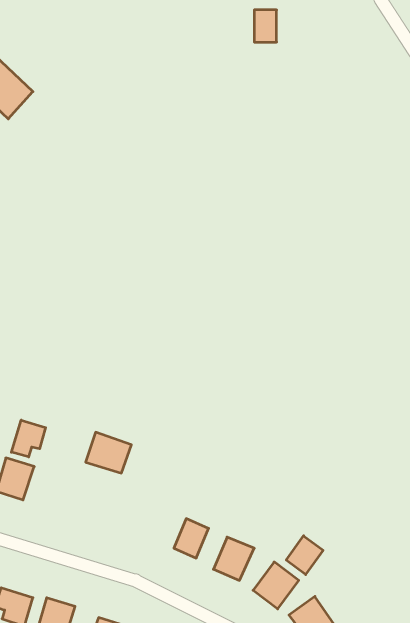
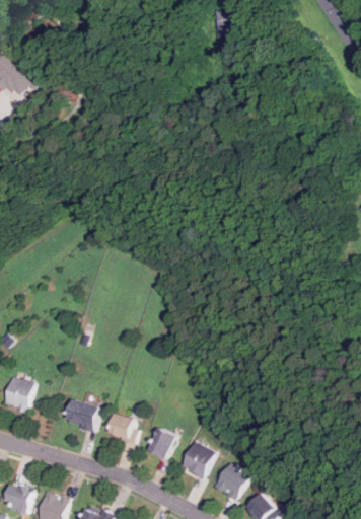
building: [11,420,46,457] -> none
building: [86,432,131,473] -> [64,397,101,431]
building: none -> [107,412,138,442]
building: [286,536,323,575] -> none

